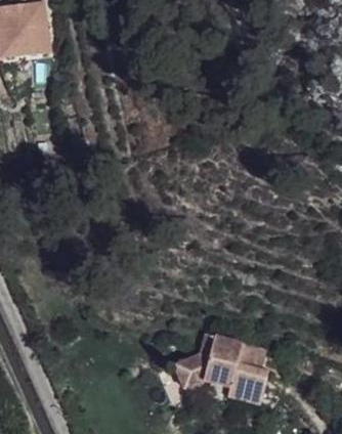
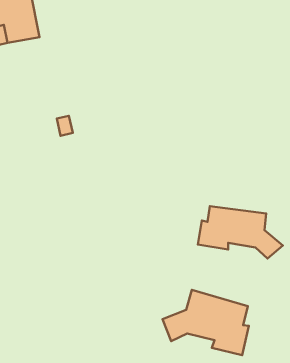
building: none -> [198,206,283,258]

